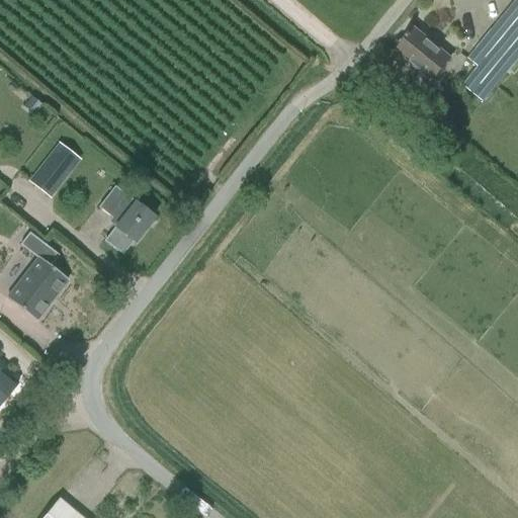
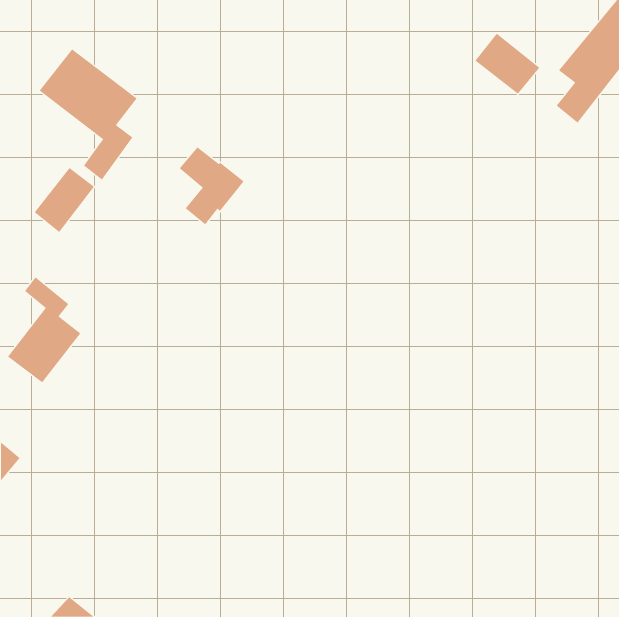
building: none -> [39,49,138,180]
building: [100,187,155,253] -> [179,146,244,225]

